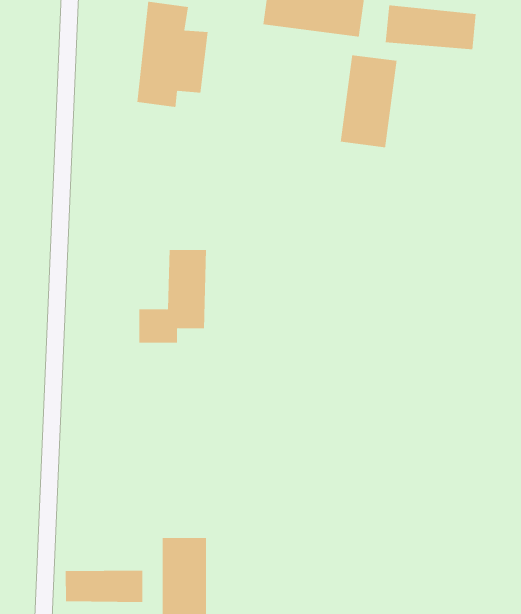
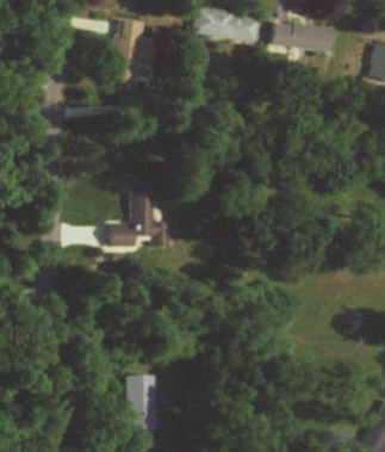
building: [340,54,397,148] -> none
building: [65,570,143,603] -> none

